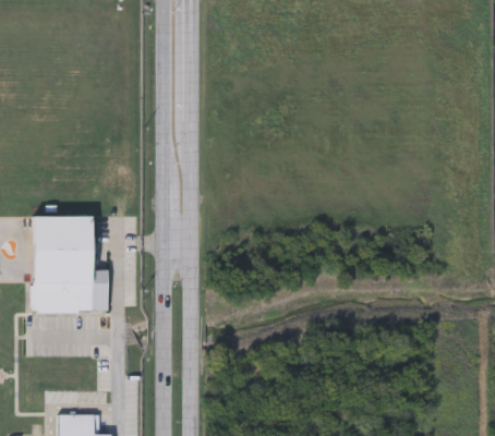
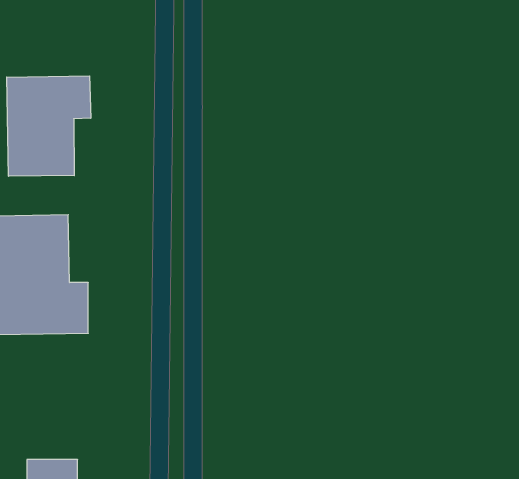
building: none -> [7,76,91,176]

